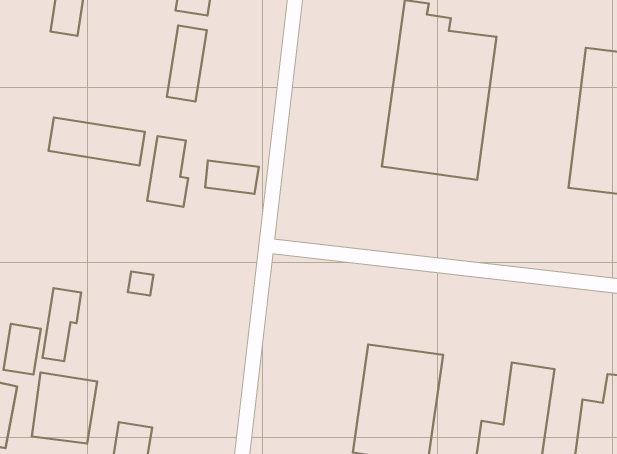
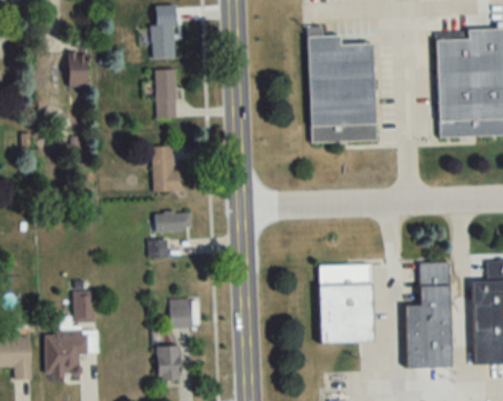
building: [48,117,145,165] -> none
building: [205,160,259,194] -> [155,211,191,231]
building: [43,288,81,361] -> none
building: none -> [170,298,191,328]
building: [32,373,97,443] -> none

